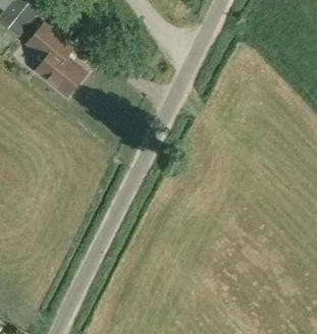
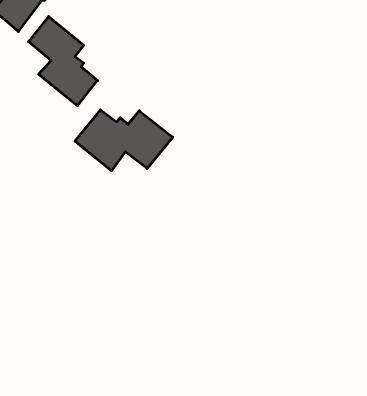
building: none -> [75,110,173,171]

